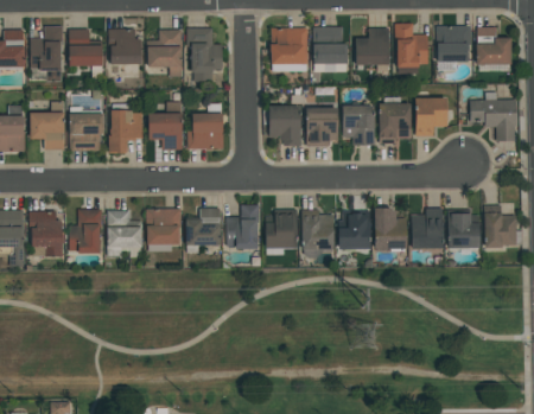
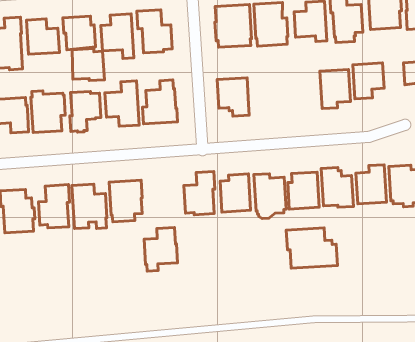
building: none -> [72,48,104,81]
building: [343,106,375,145] -> none
building: [306,108,338,146] -> none
building: [186,208,221,253] -> [144,227,178,271]
building: none -> [286,228,337,268]

